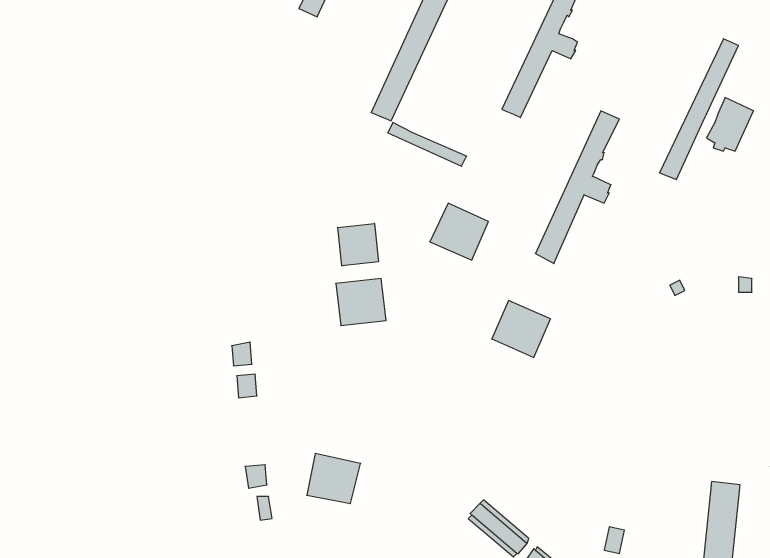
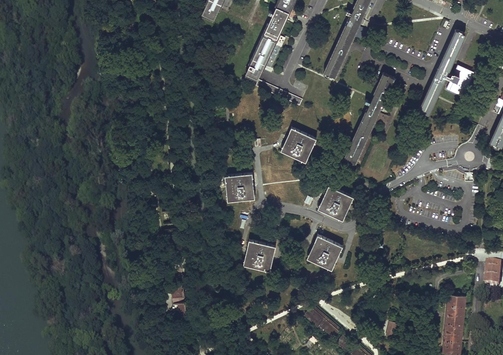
building: [338,223,379,266] -> none
building: none -> [307,235,342,269]
building: [307,453,361,504] -> [244,240,276,270]

